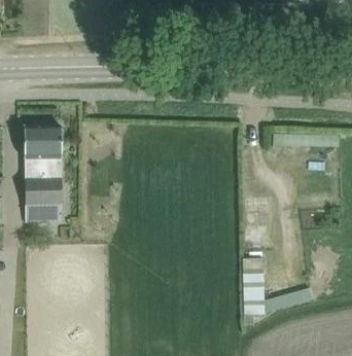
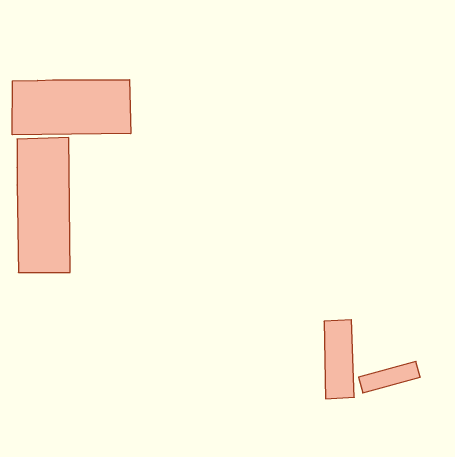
building: none -> [12,80,131,135]

